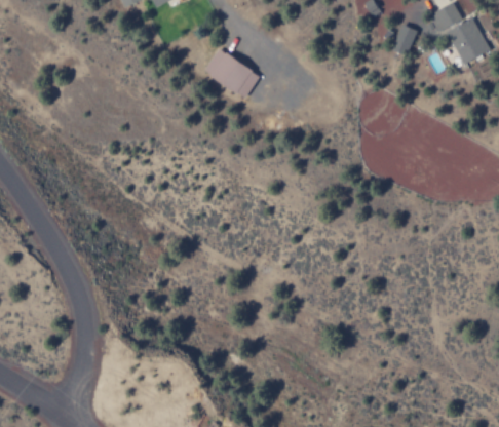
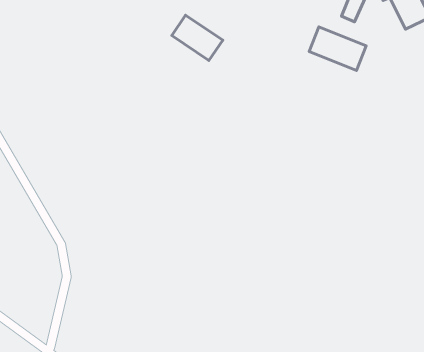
building: none -> [309,27,366,70]

